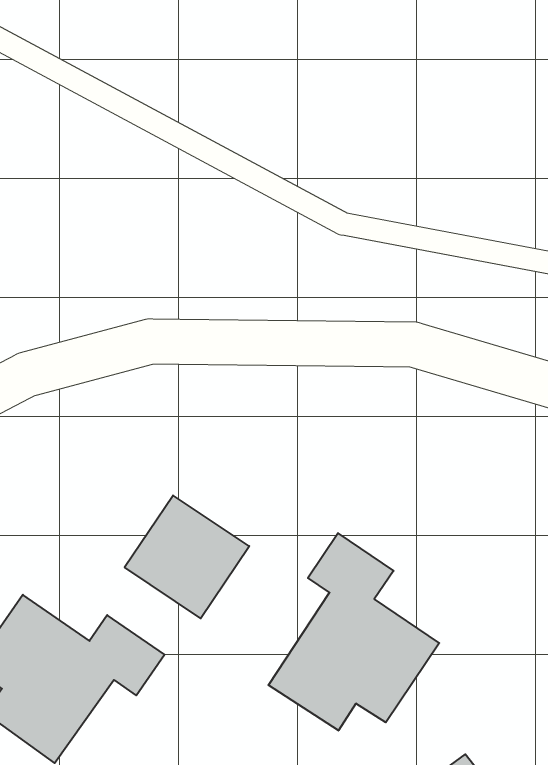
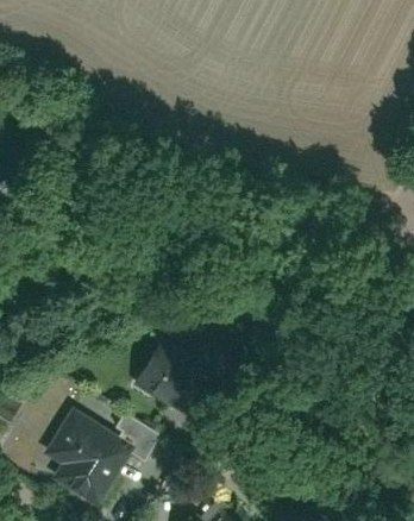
building: [268,533,439,731] -> none

